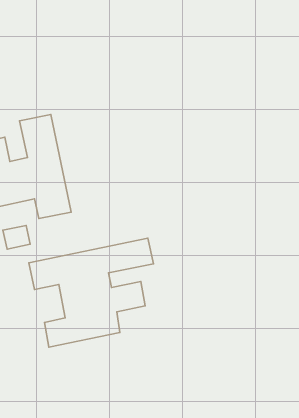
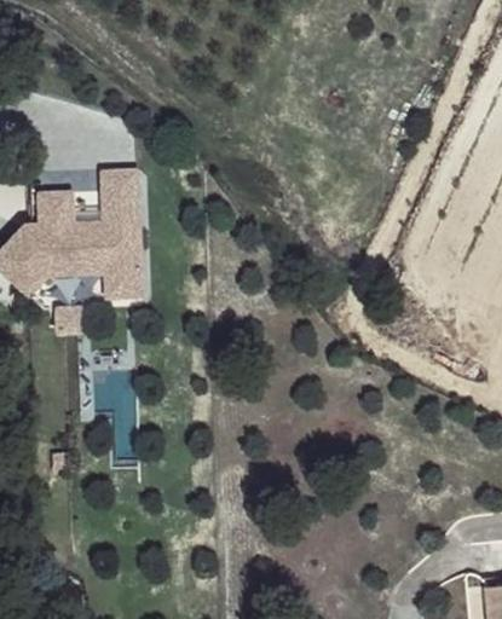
building: [29,238,154,347] -> none

